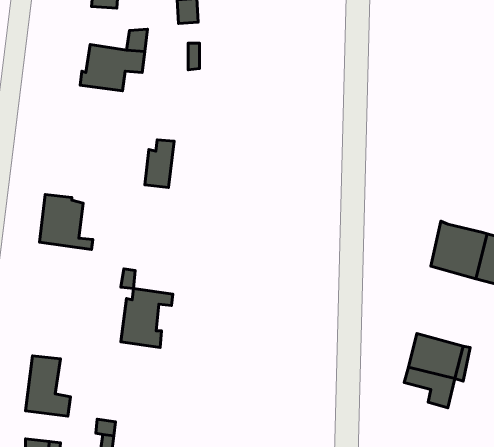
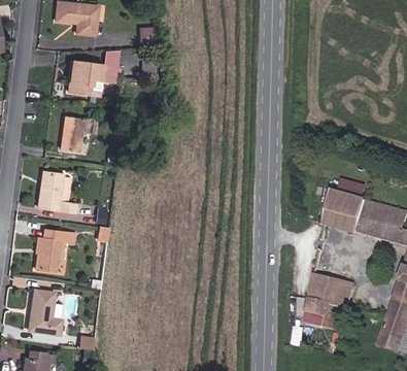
building: [145,140,174,188] -> [61,116,82,151]
building: none -> [338,178,367,199]
building: [121,289,173,348] -> [35,229,73,272]

